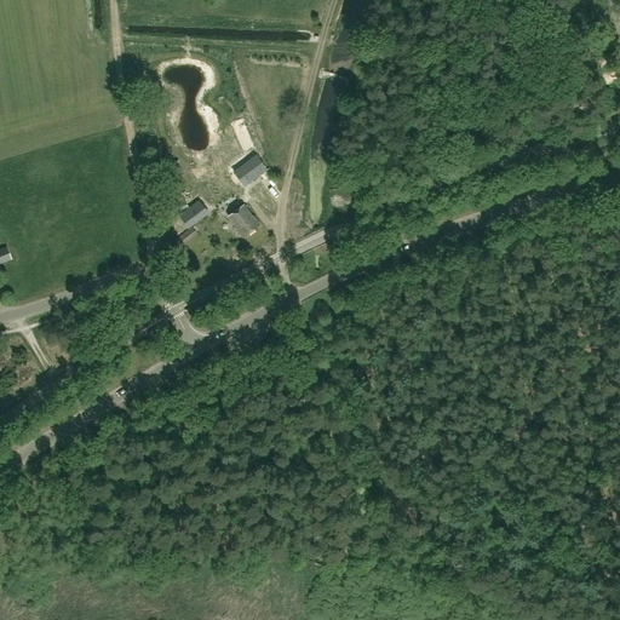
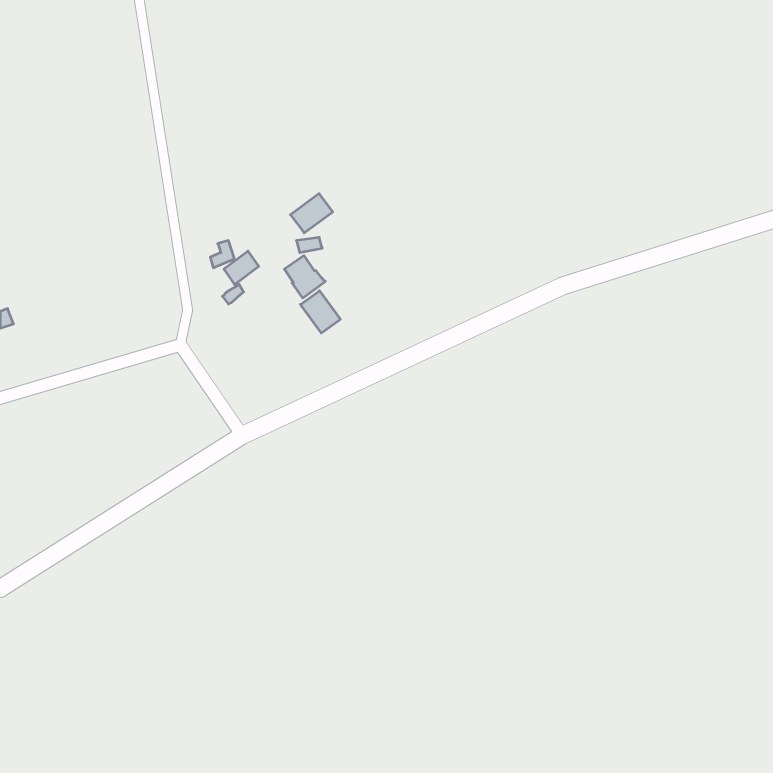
building: none -> [300,291,340,333]

